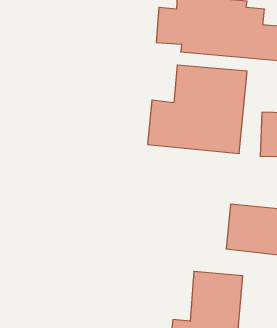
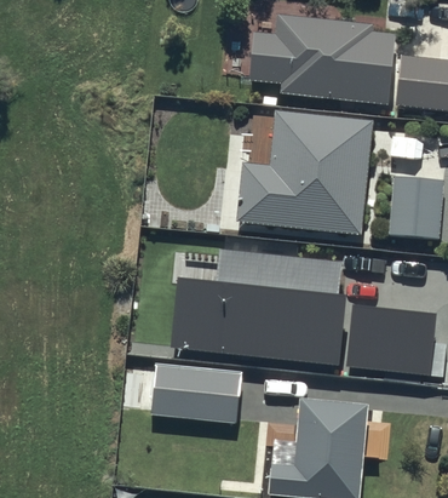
building: none -> [168,275,344,365]
building: none -> [151,362,240,420]

